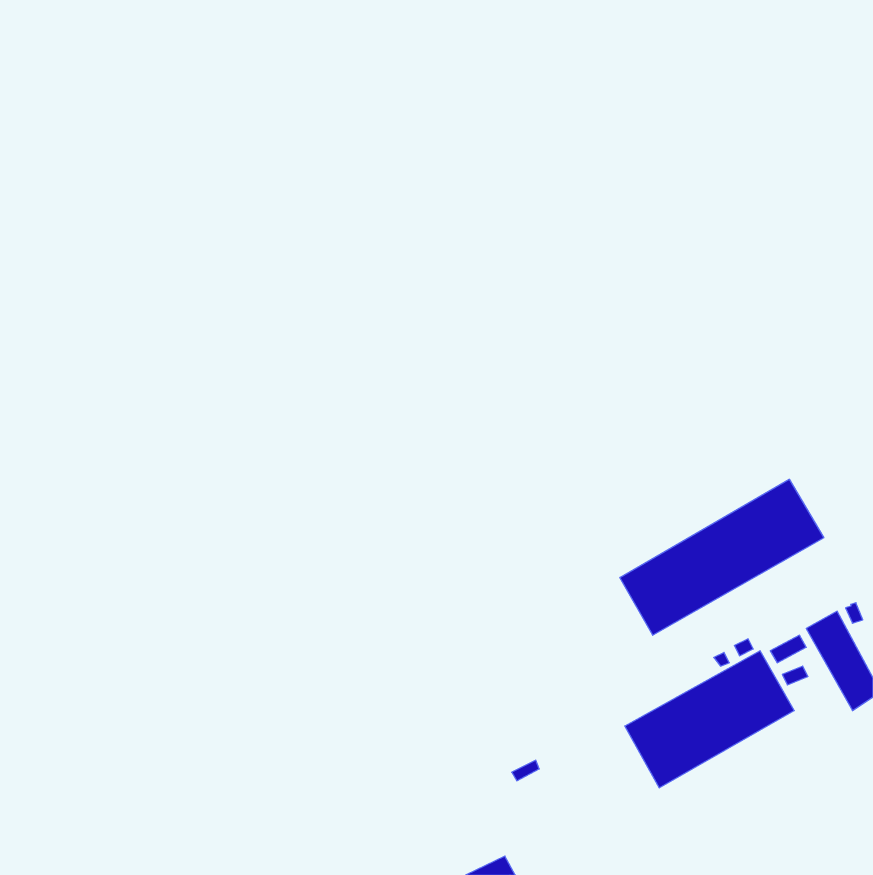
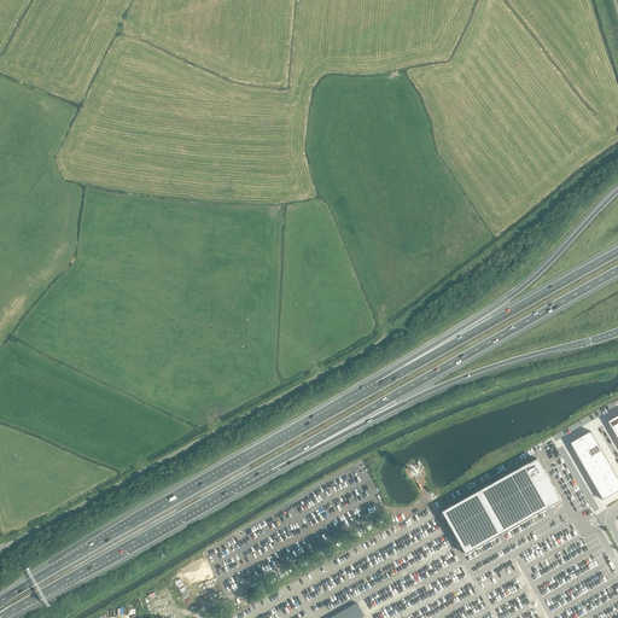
building: [620,479,824,635] -> none

